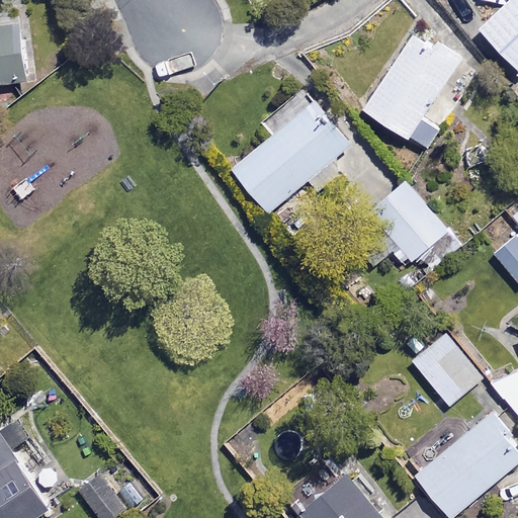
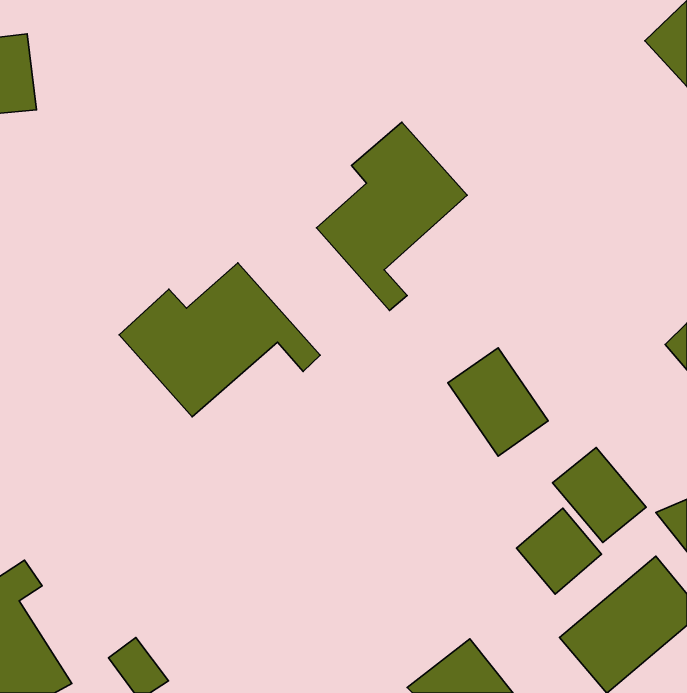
building: [364,29,462,149] -> none
building: [367,183,442,264] -> [448,348,548,456]
building: none -> [119,263,320,417]
building: none -> [516,508,602,594]

